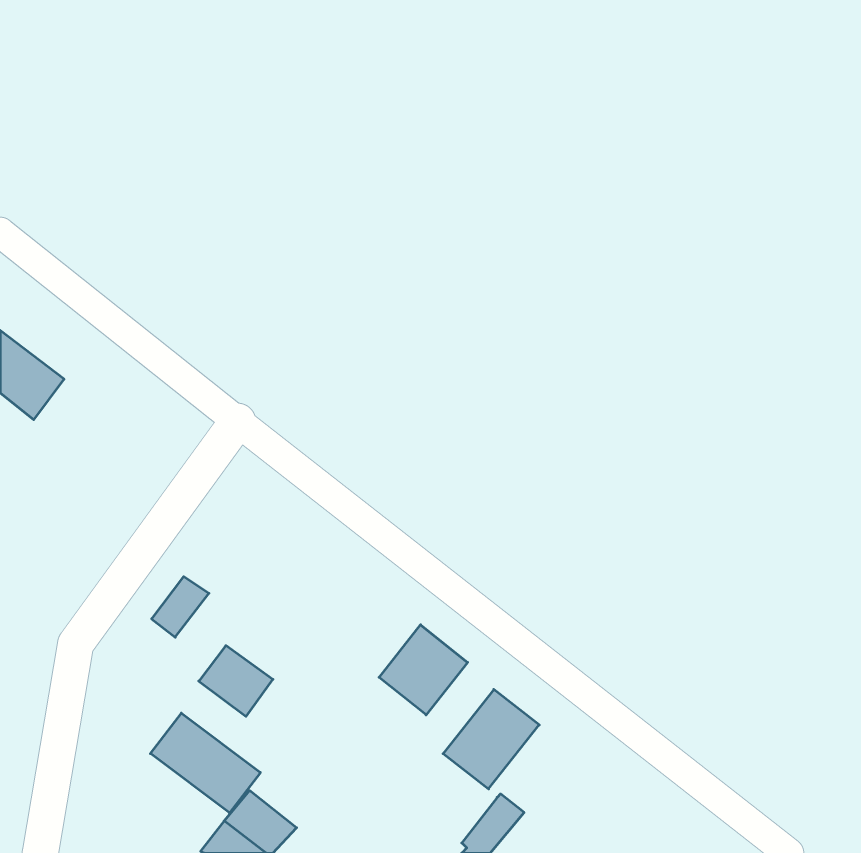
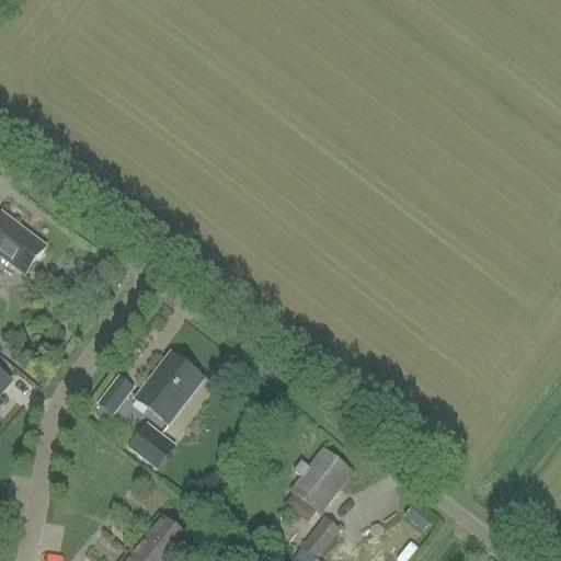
building: none -> [136,354,203,423]
building: [379,625,468,715] -> none
building: [150,713,260,813] -> none

